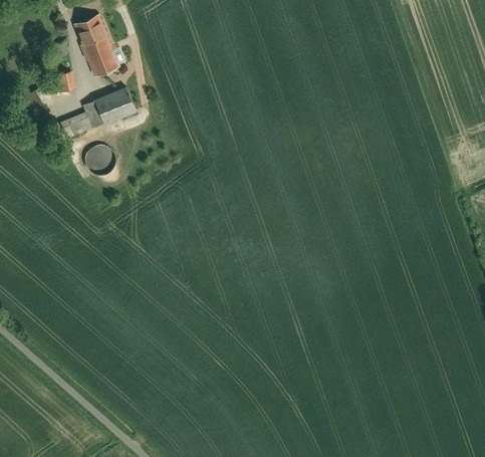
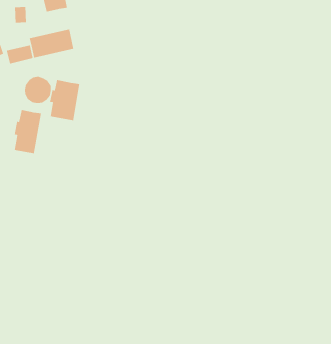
building: none -> [49,79,80,121]
building: none -> [14,109,42,154]

